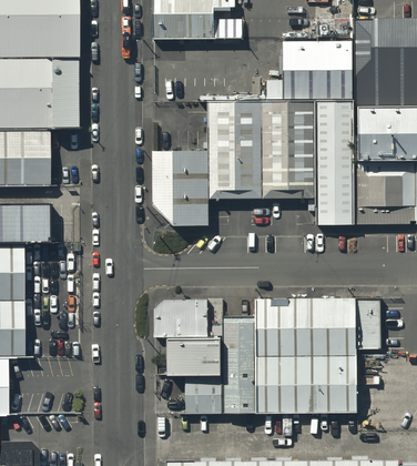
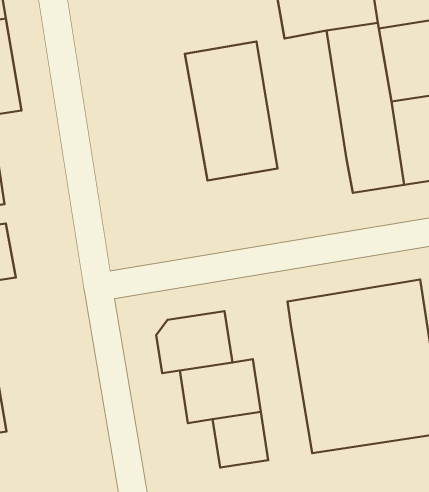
building: [261,101,314,199] -> none
building: [152,150,208,223] -> none
building: [222,315,255,413] -> none

